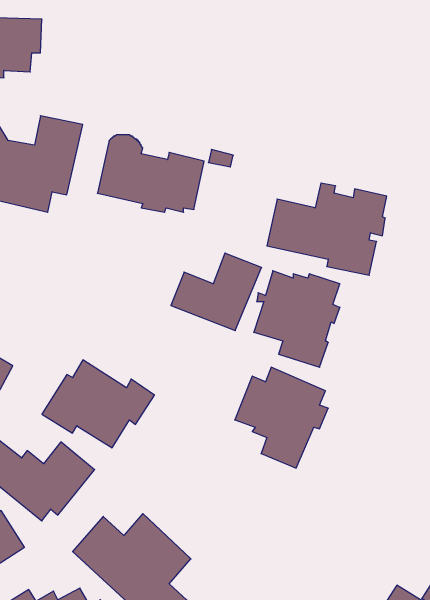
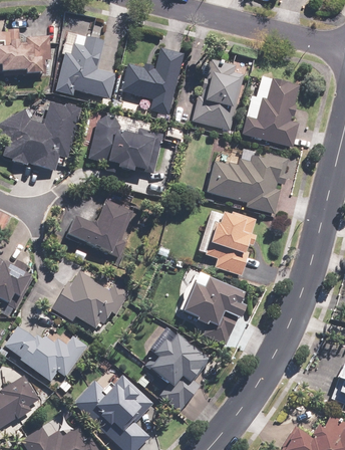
building: none -> [55,31,116,97]
building: none -> [120,46,182,113]
building: none -> [191,66,243,131]
building: none -> [243,74,299,146]
building: [171,253,262,331] -> [67,200,129,253]
building: none -> [144,324,210,411]

